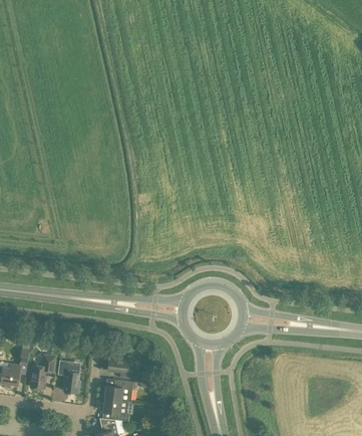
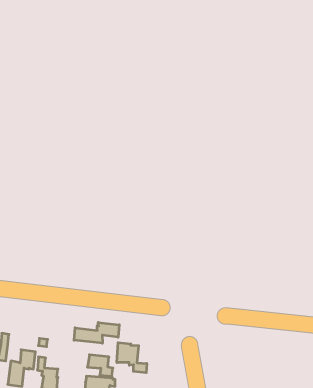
building: none -> [74,322,119,343]
building: none -> [117,343,147,373]

